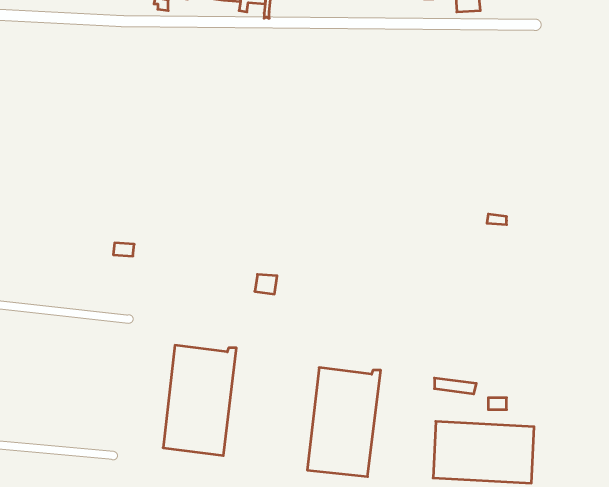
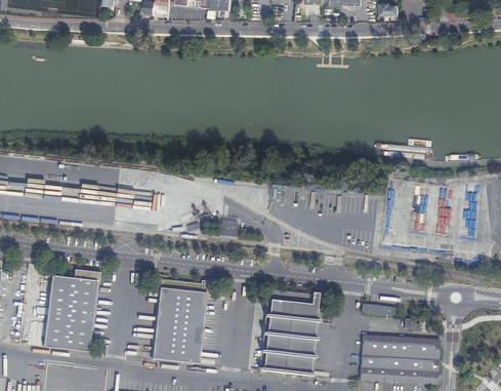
building: none -> [42,268,99,351]

